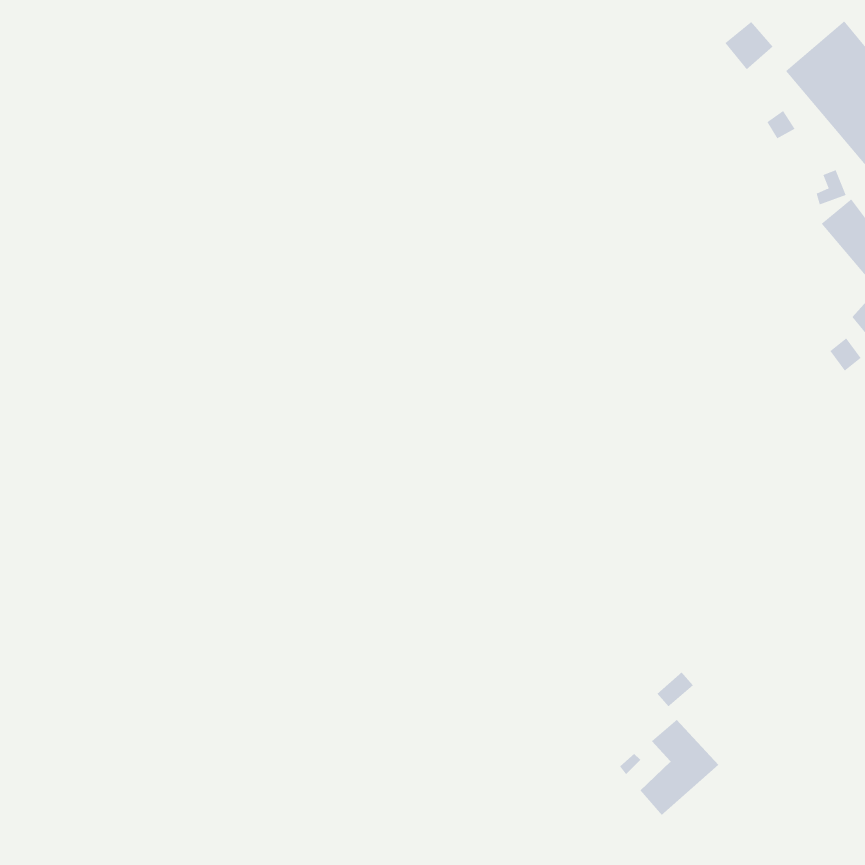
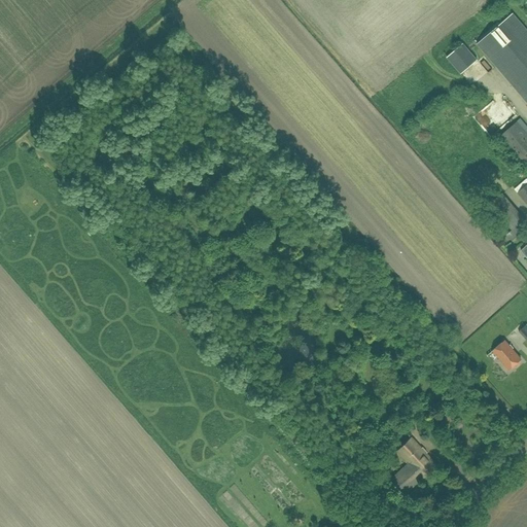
building: [724,21,774,70] -> [448,43,478,73]
building: none -> [494,340,522,368]

